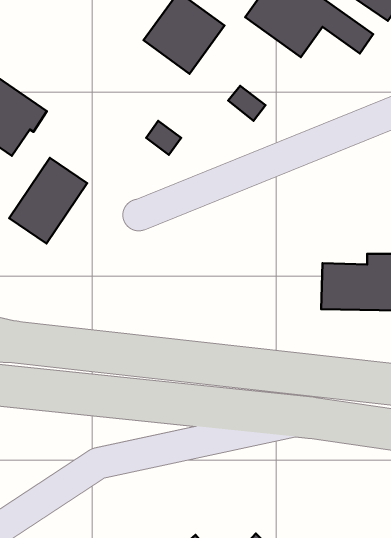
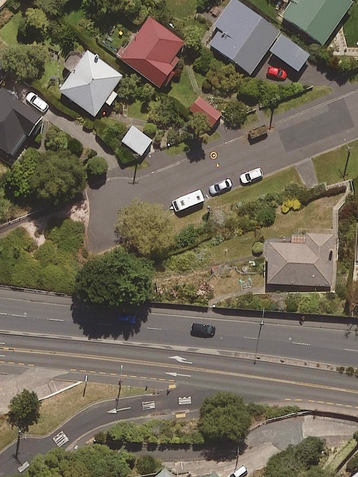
building: none -> [59,50,124,116]
building: [9,158,87,243] -> none

